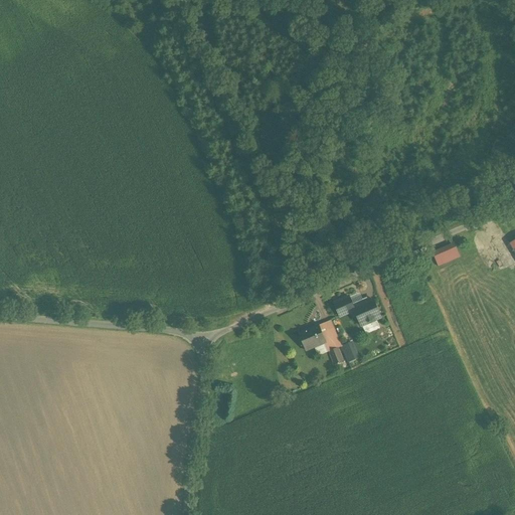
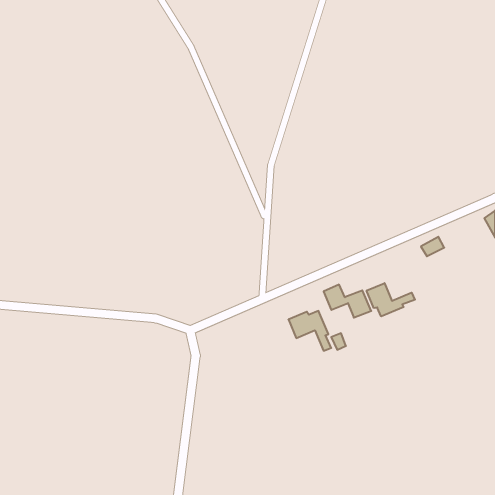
building: none -> [367,283,415,316]

